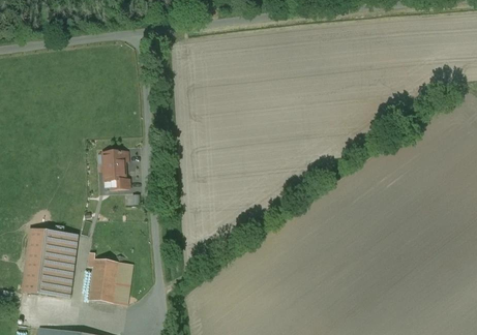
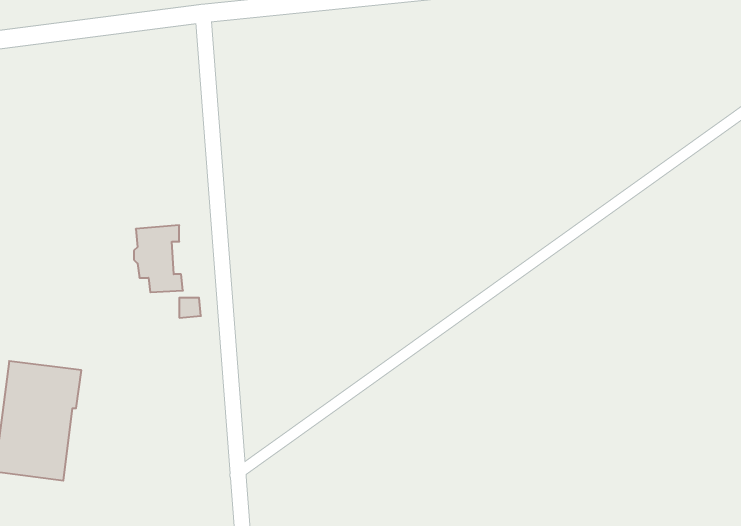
building: [89,251,132,304] -> none

